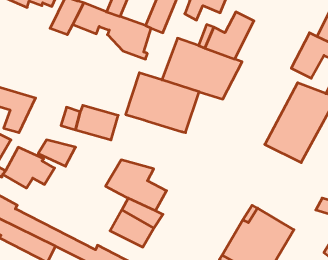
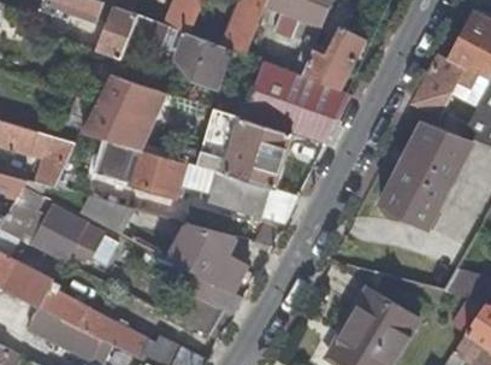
building: none -> [83,76,165,148]
building: none -> [209,171,270,218]

